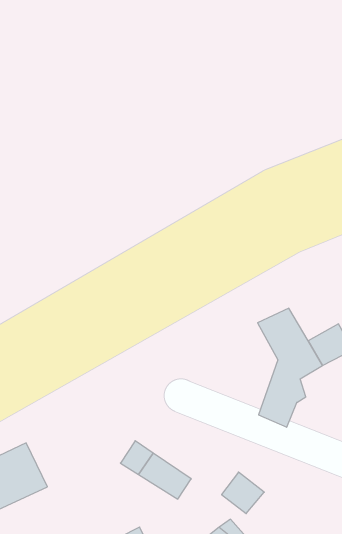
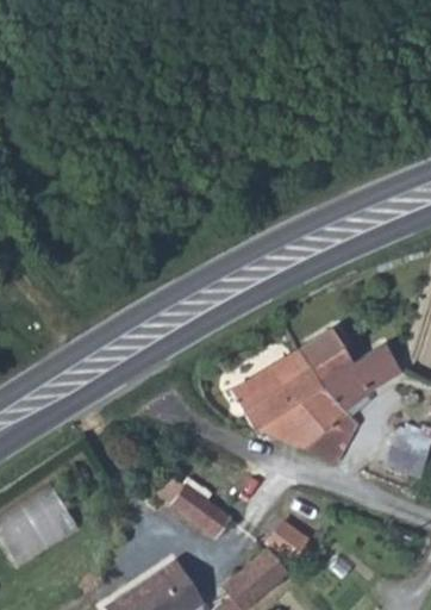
building: none -> [213,350,323,448]

